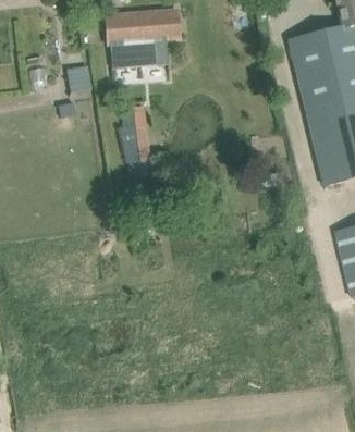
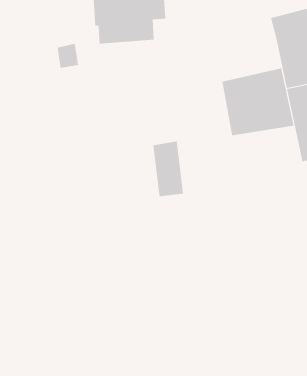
building: none -> [222,68,294,136]
building: [119,104,151,162] -> [152,141,184,197]

